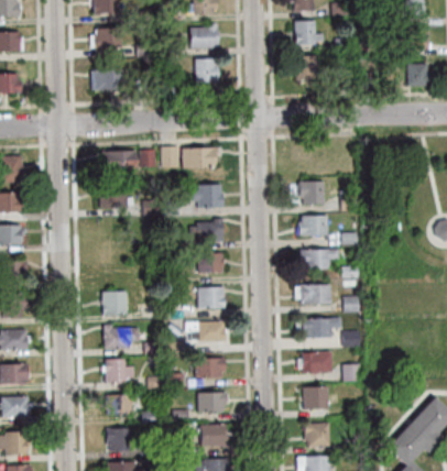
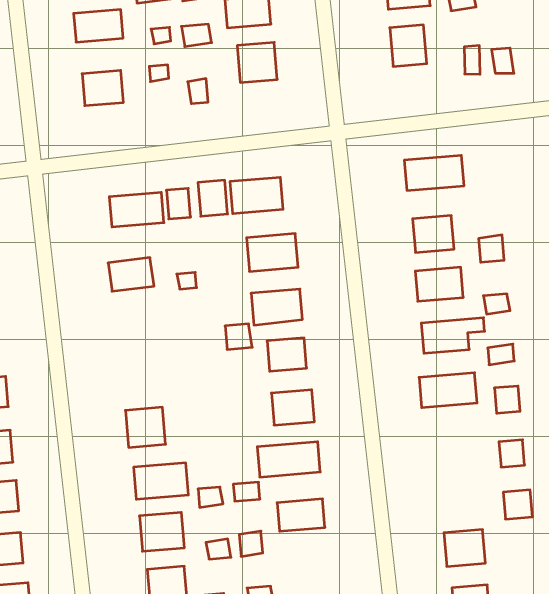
building: [301,318,341,338] -> none
building: [299,352,331,373] -> none
building: [198,393,229,413] -> none

